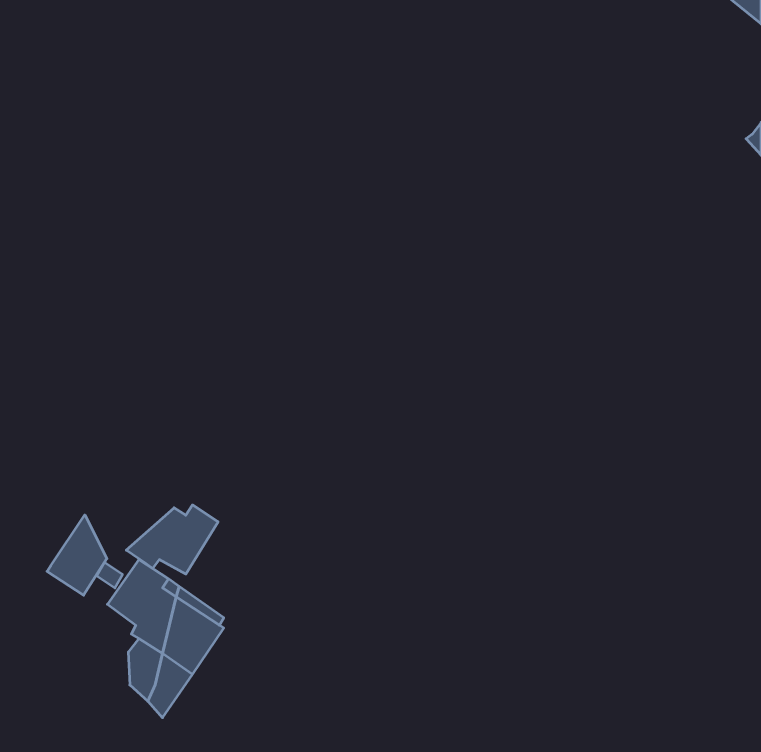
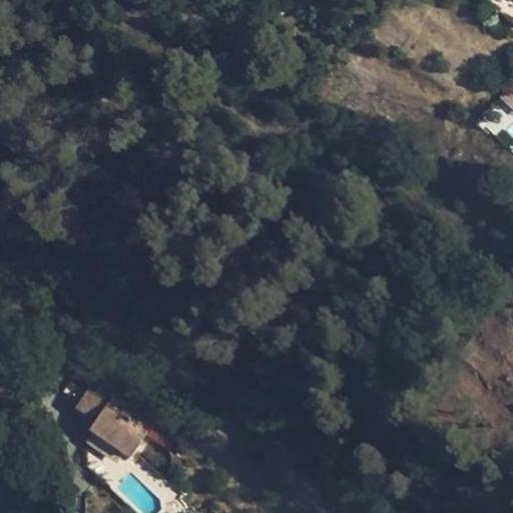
building: [126,505,218,574] -> none
building: [47,515,107,595] -> none

